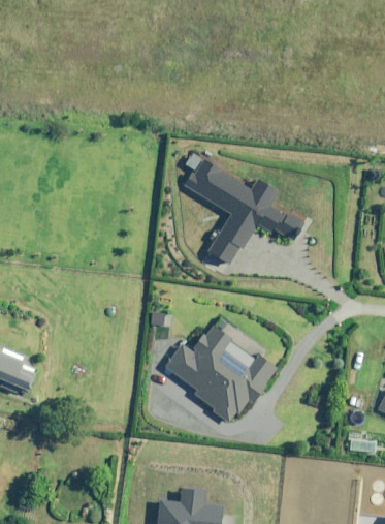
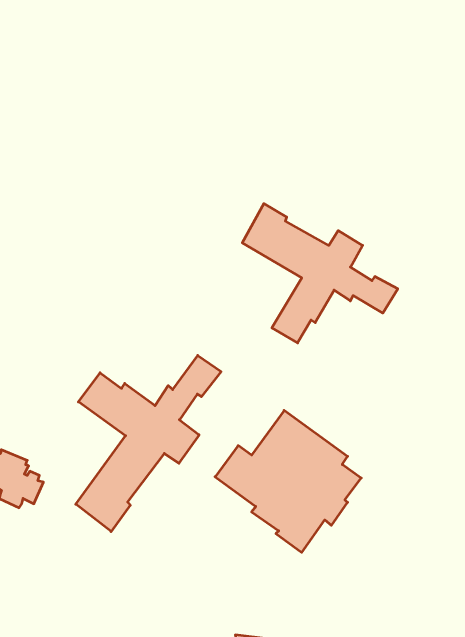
building: none -> [76,355,221,532]

